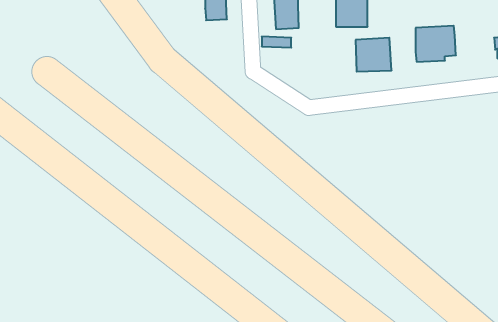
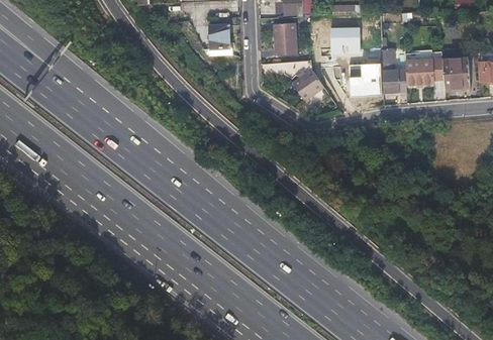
building: none -> [380,49,405,93]
building: none -> [440,59,469,89]
building: none -> [291,68,323,99]

